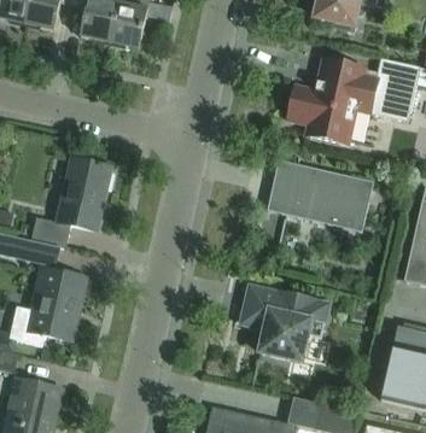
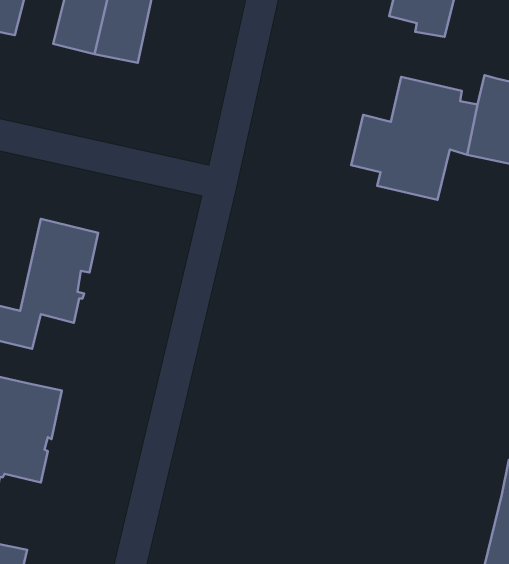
building: [268,164,373,230] -> none
building: [245,285,328,361] -> none

